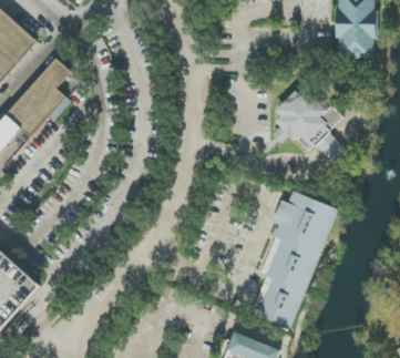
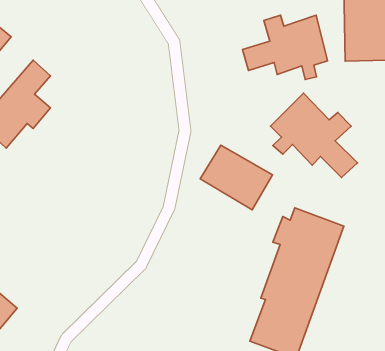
building: none -> [243,15,327,79]
building: none -> [200,145,273,210]

